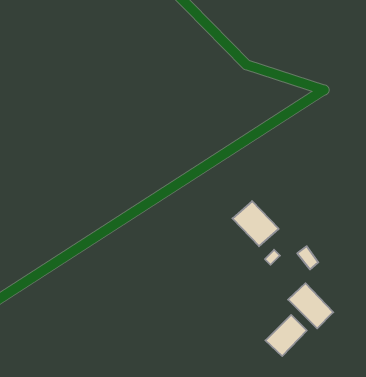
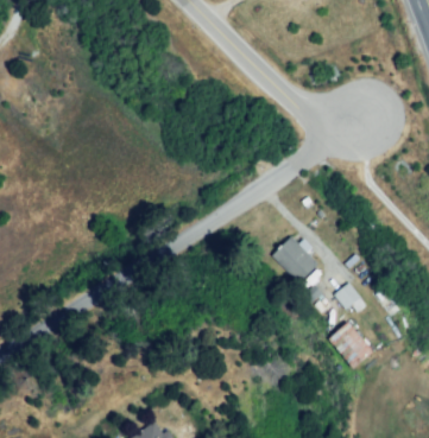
building: [265,315,307,356] -> none

